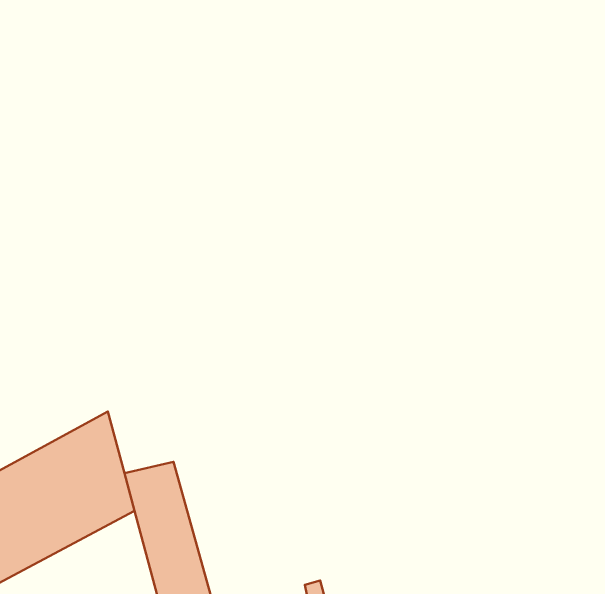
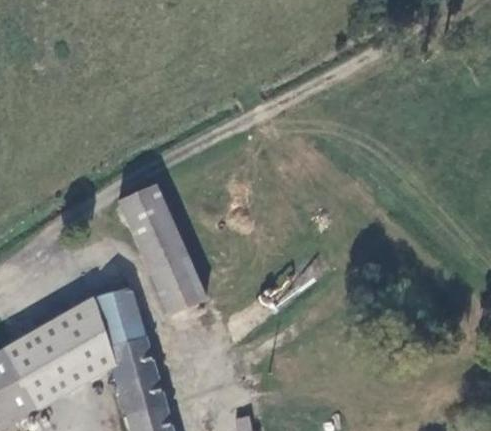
building: none -> [120,186,208,315]
building: none -> [95,283,143,341]

